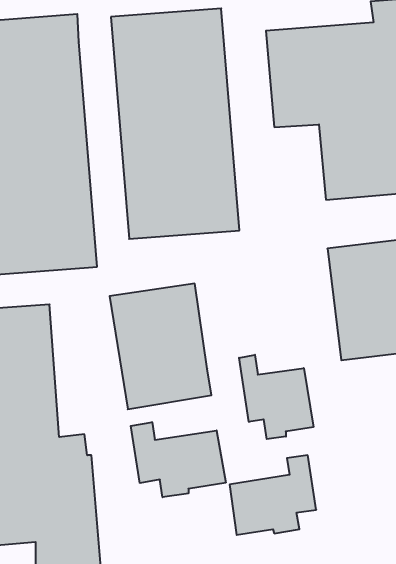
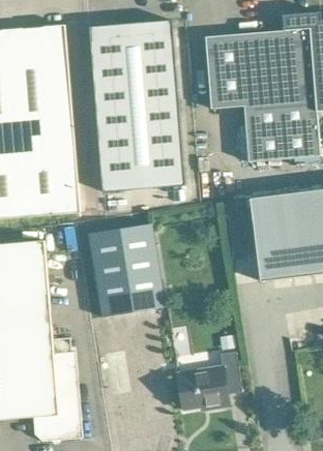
building: [239,355,313,439] -> none
building: [131,422,226,497] -> none

